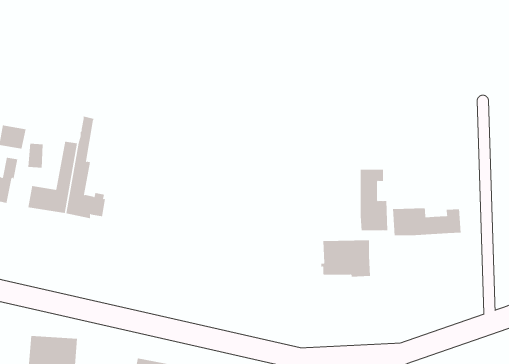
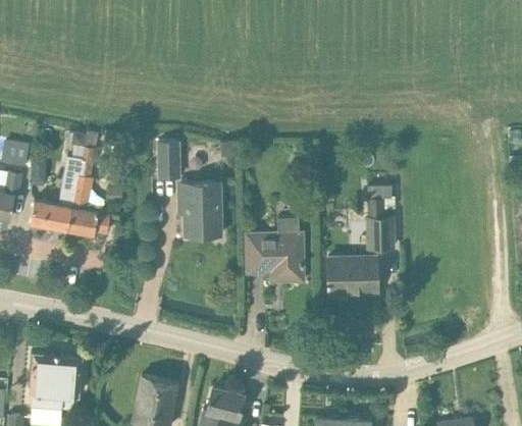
building: none -> [157,142,178,178]
building: none -> [177,182,221,236]
building: none -> [245,218,304,281]
building: [392,207,461,236] -> none

